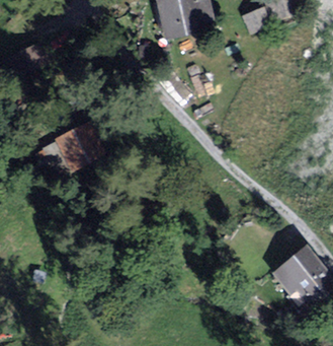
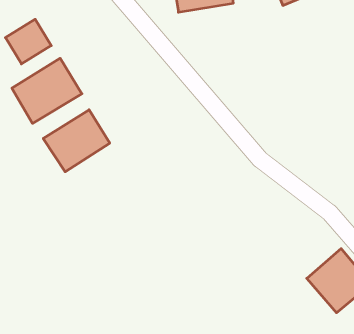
building: none -> [12,58,82,123]

